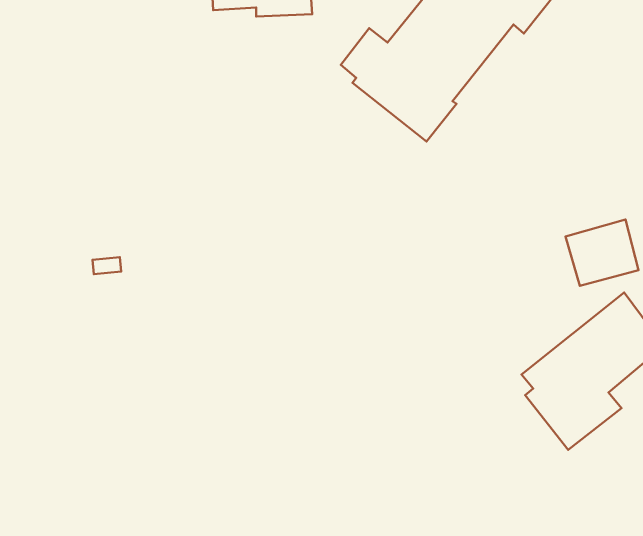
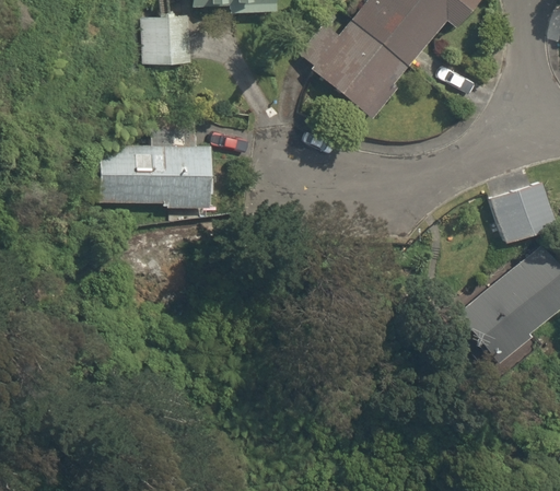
building: none -> [147,16,190,66]
building: none -> [95,110,211,208]

